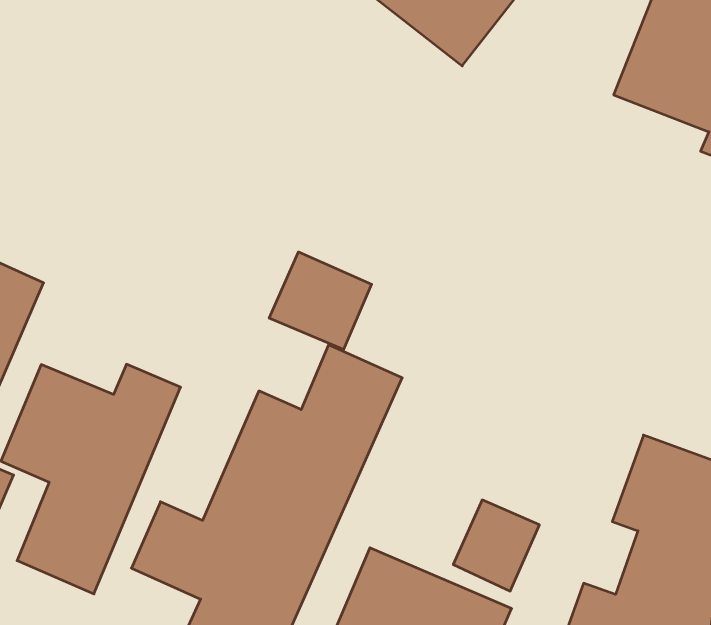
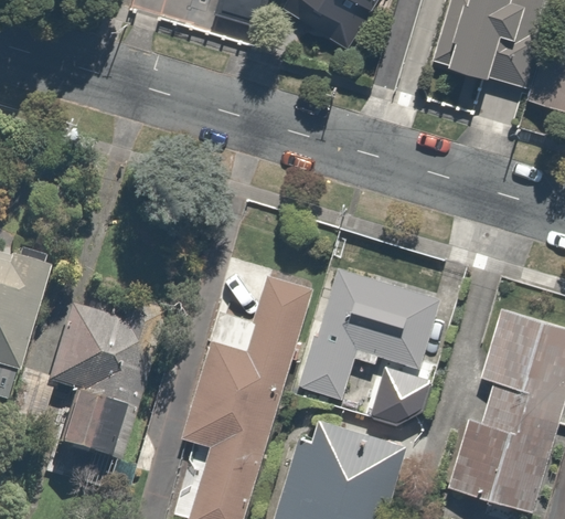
building: [269,252,372,350] -> none
building: none -> [297,263,437,400]

